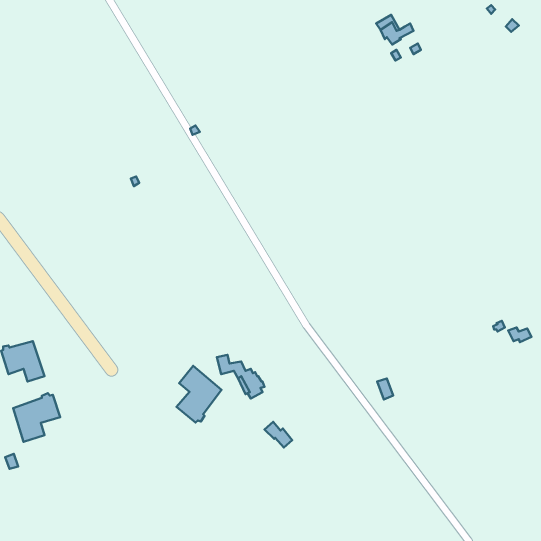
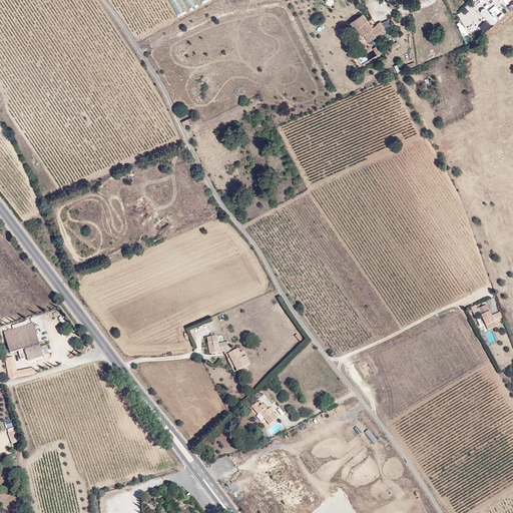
building: [177,366,222,423] -> none
building: [13,393,60,442] -> none

